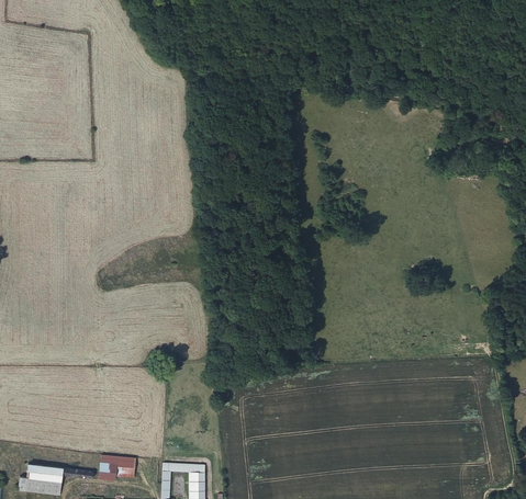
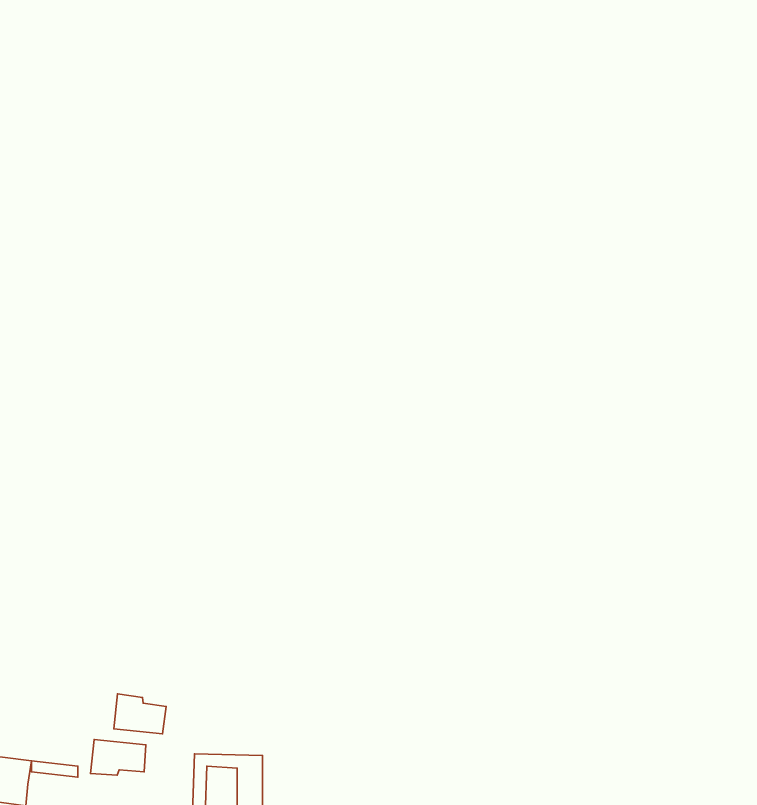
building: none -> [114,694,166,734]

